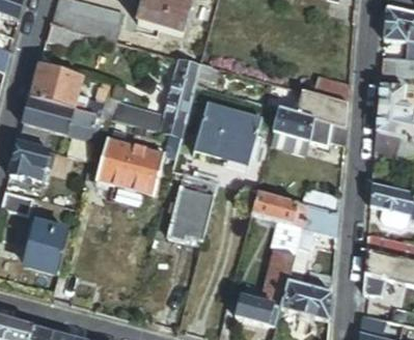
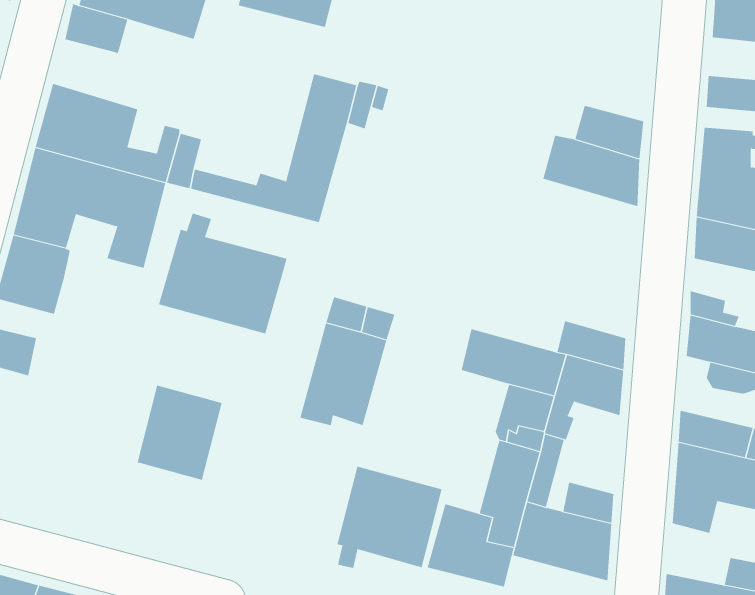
building: [192,104,260,166] -> none
building: [273,109,344,146] -> none
building: [24,223,68,273] -> [137,385,222,480]
building: none -> [337,466,442,569]

